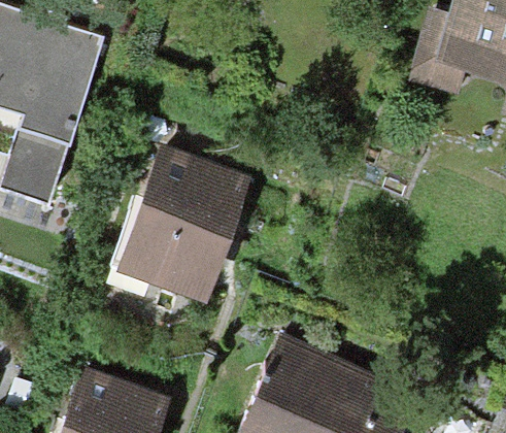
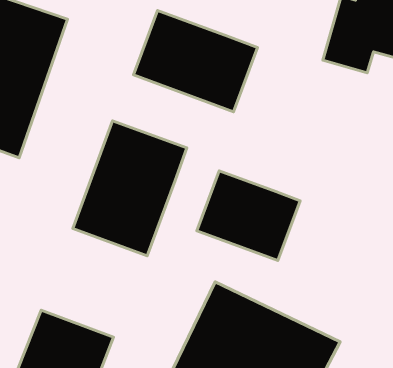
building: none -> [133,11,258,112]
building: none -> [197,171,300,261]

